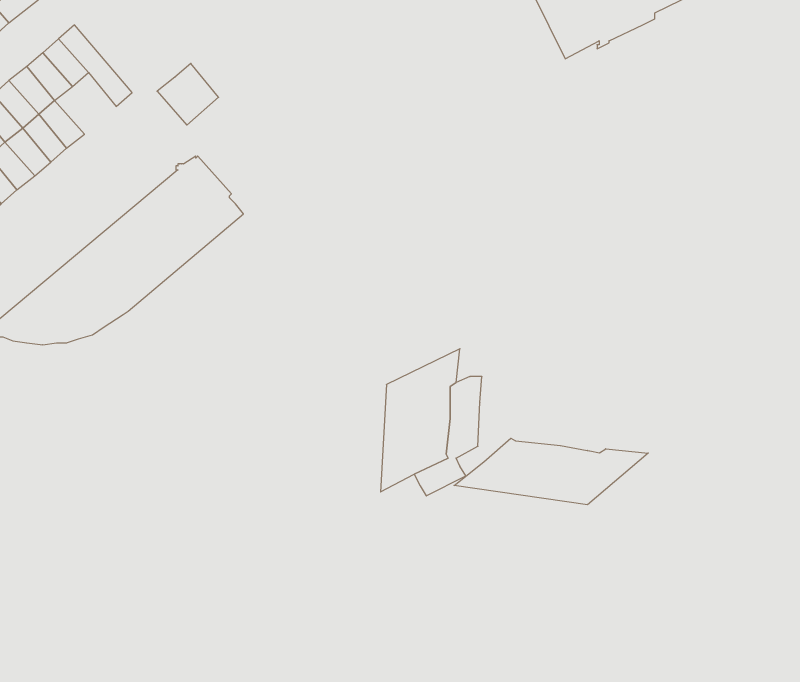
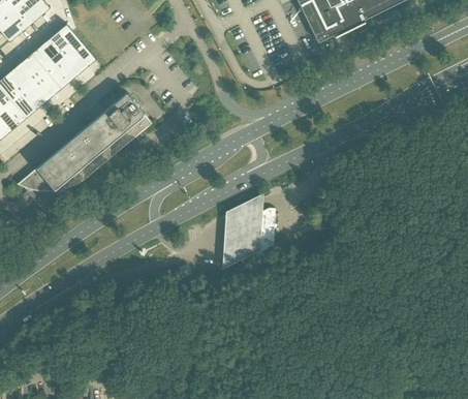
building: [157,63,219,125] -> [54,50,86,82]
building: [454,438,648,505] -> none

